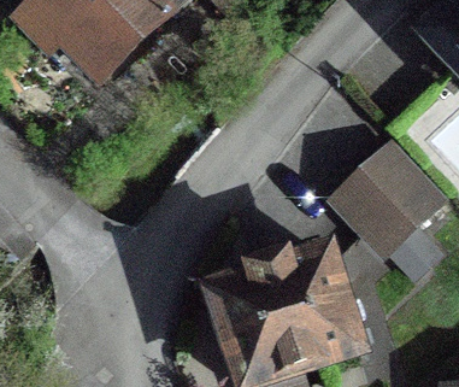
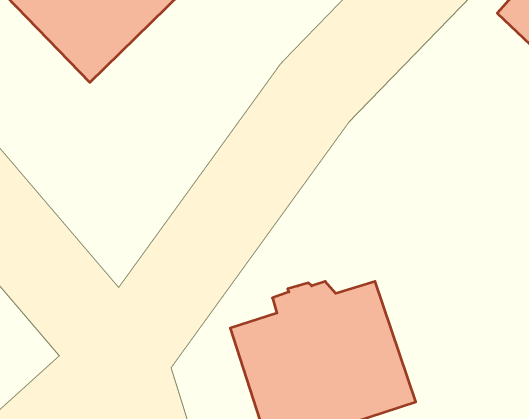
building: [336,145,439,271] -> none

